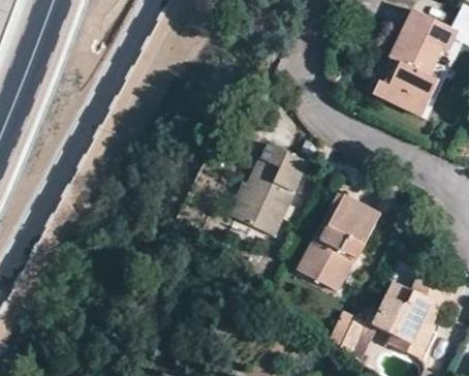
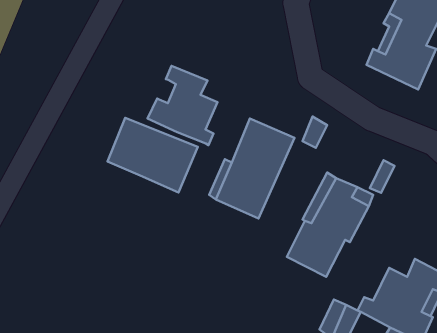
building: none -> [148,66,218,145]
building: none -> [107,118,198,192]

